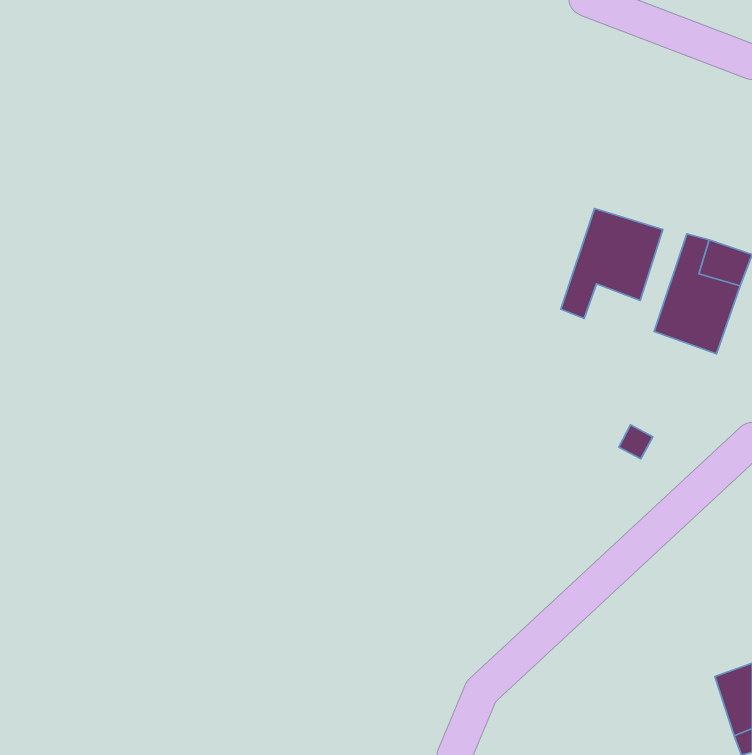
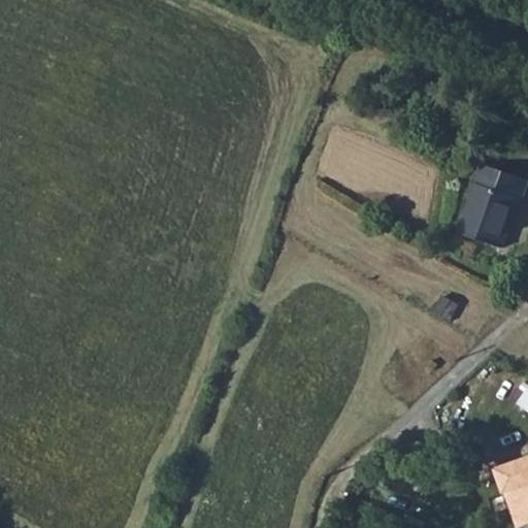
building: [561,208,663,318] -> none

